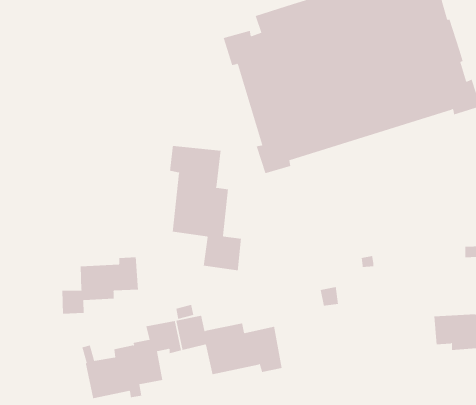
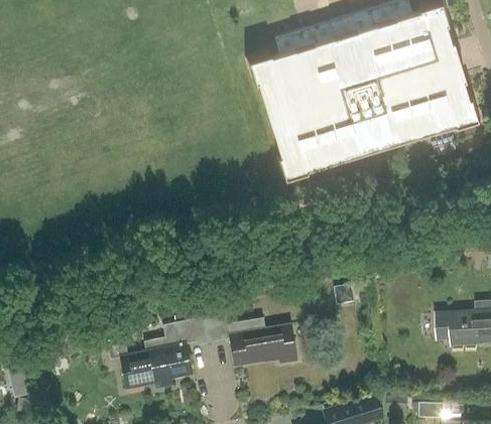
building: [170,145,242,271] -> none
building: [62,257,138,315] -> none

